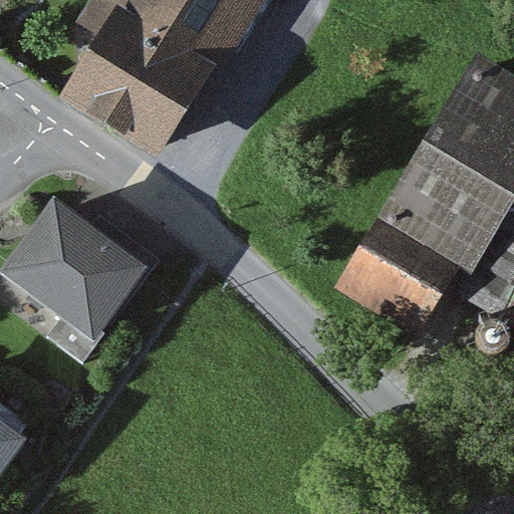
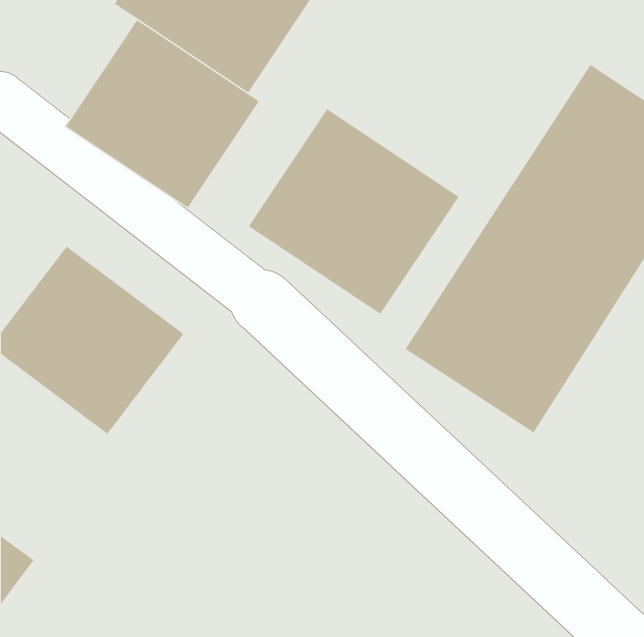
building: none -> [248,108,460,315]

